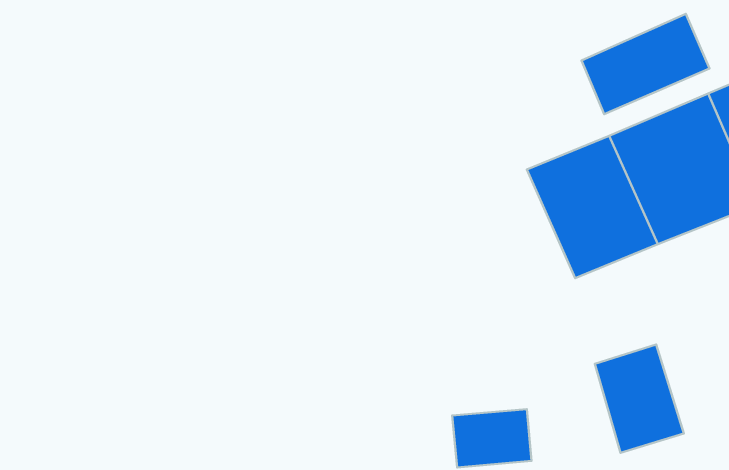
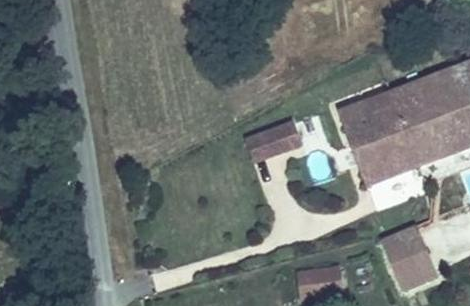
building: [582,14,710,114] -> none
building: none -> [243,116,304,164]

